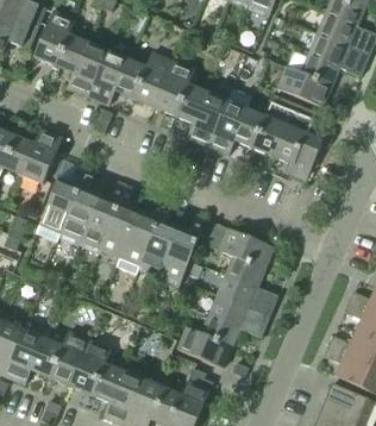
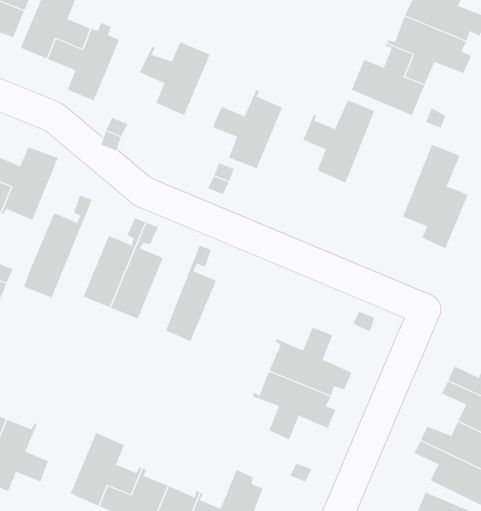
building: [88,50,139,105] -> none
building: [155,61,207,114] -> none
building: [208,100,258,154] -> none
building: [274,102,322,180] -> [402,144,468,249]
building: [61,168,99,239] -> none
building: [117,196,165,272] -> none
building: [159,213,207,281] -> none
building: [219,227,274,278] -> none
building: [177,313,232,367] -> none
building: [38,331,89,384] -> none

